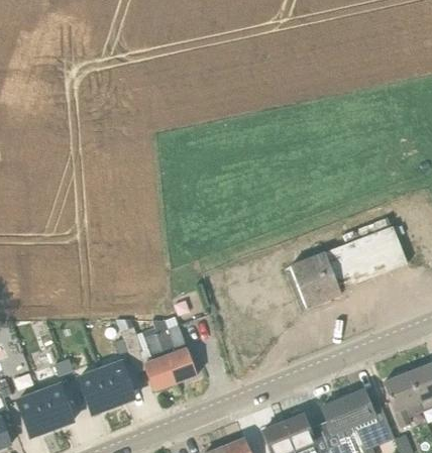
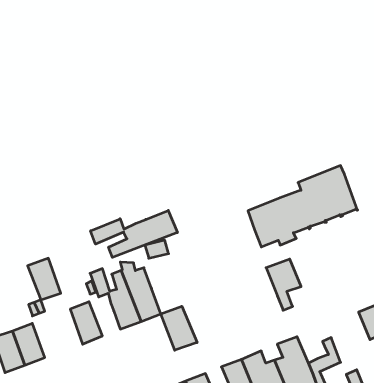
building: none -> [91,210,177,257]
building: none -> [161,306,197,350]
building: [78,370,113,415] -> [28,258,61,300]
building: [383,373,420,428] -> [266,259,301,310]
building: [342,390,375,428] -> none

